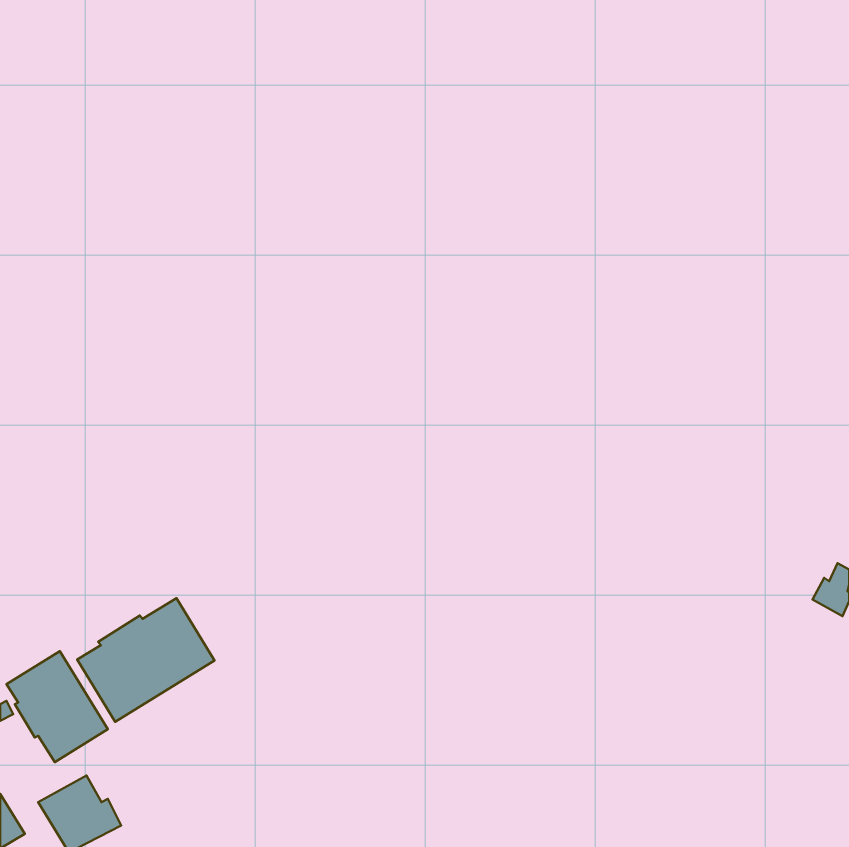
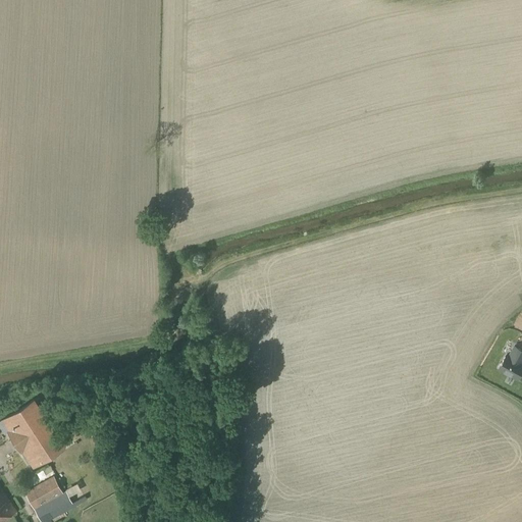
building: [77,598,215,722] -> none

